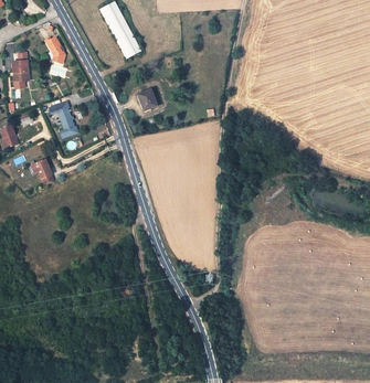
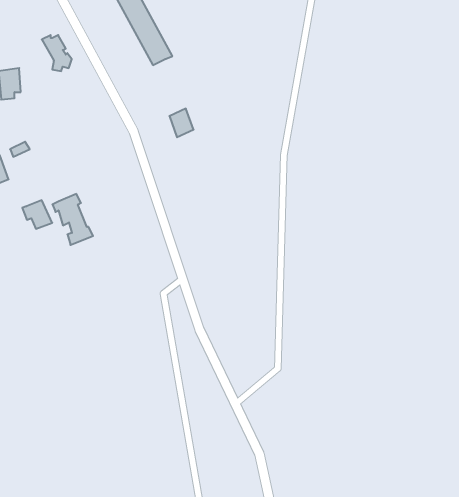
building: [50,100,80,138] -> [52,194,93,245]

